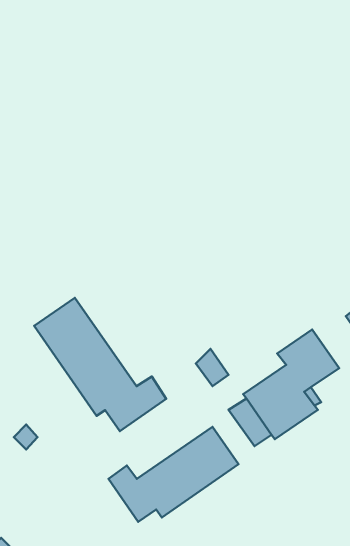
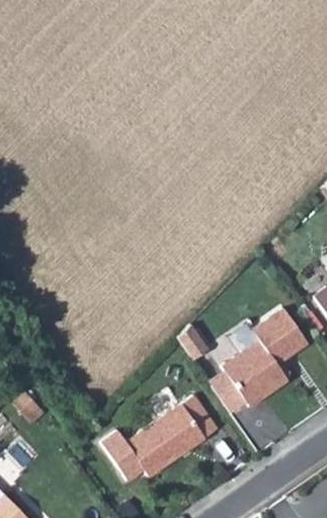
building: [34,298,166,431] -> none

